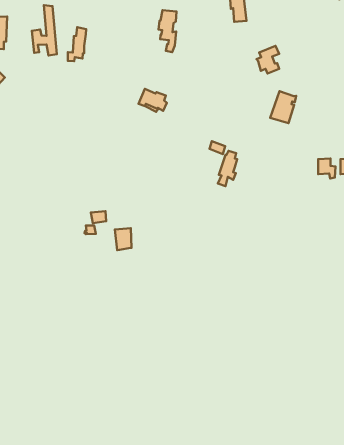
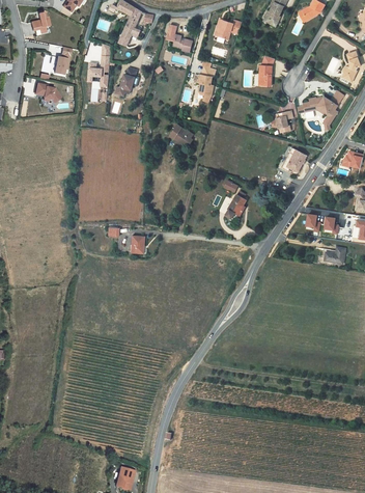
building: none -> [303,89,344,129]

